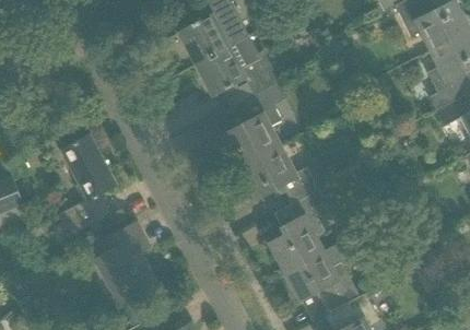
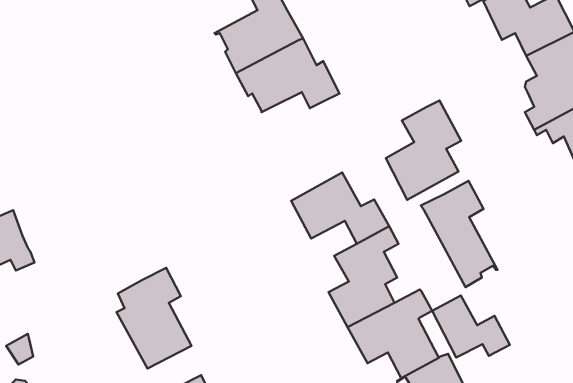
building: [222,86,283,167] -> [386,100,461,200]
building: [56,132,116,235] -> none
building: none -> [421,181,497,287]
building: none -> [432,295,510,357]

